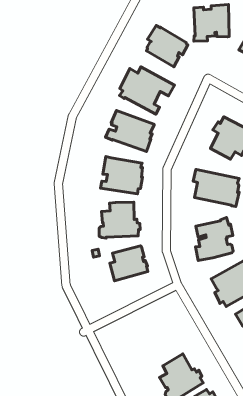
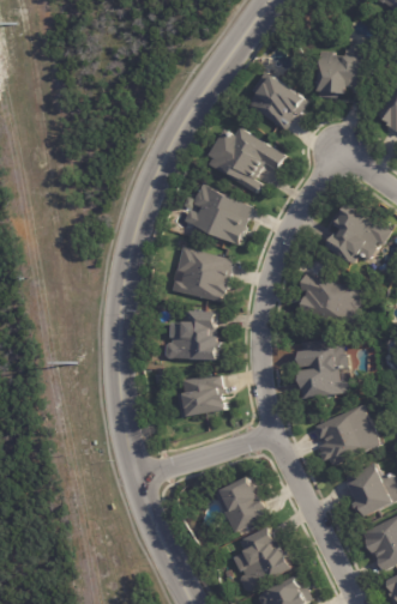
building: none -> [213,477,267,532]

